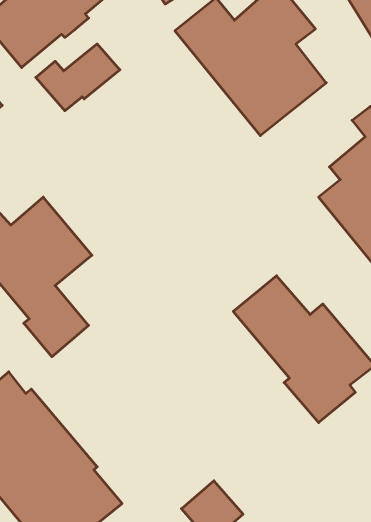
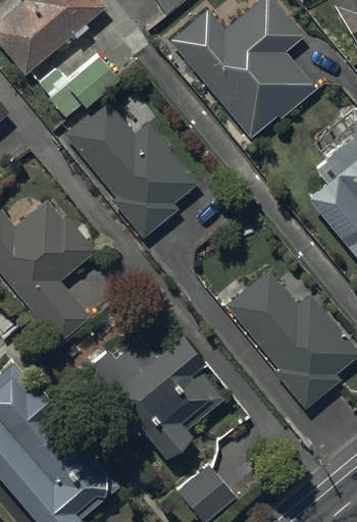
building: none -> [63,99,199,239]
building: none -> [90,334,221,460]

